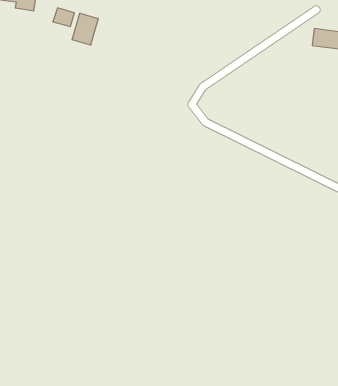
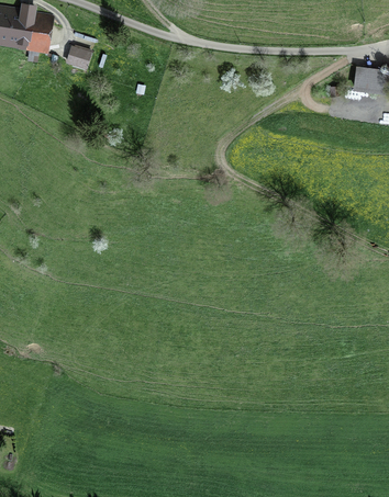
building: [72,13,98,45] -> none

